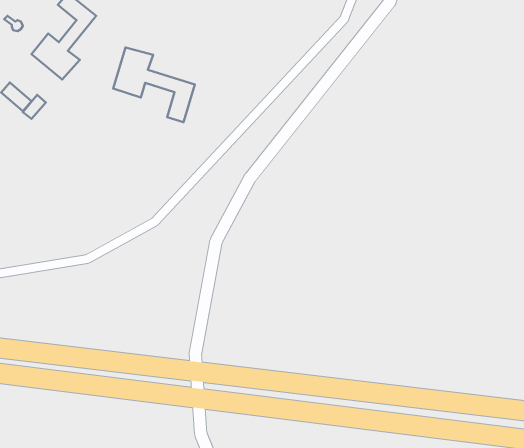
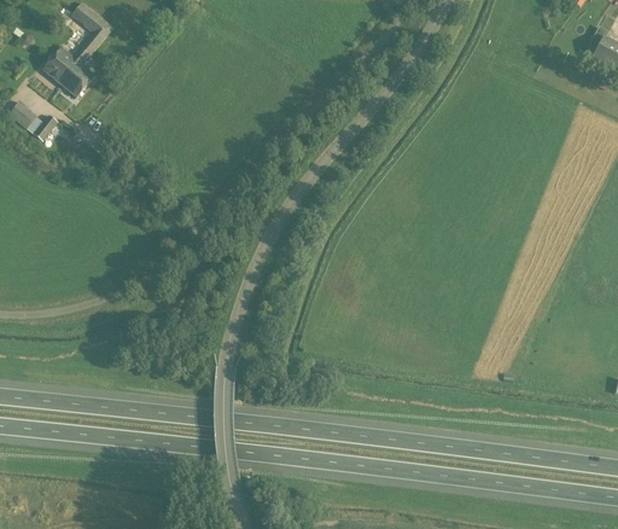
building: [113,47,195,122] -> none

